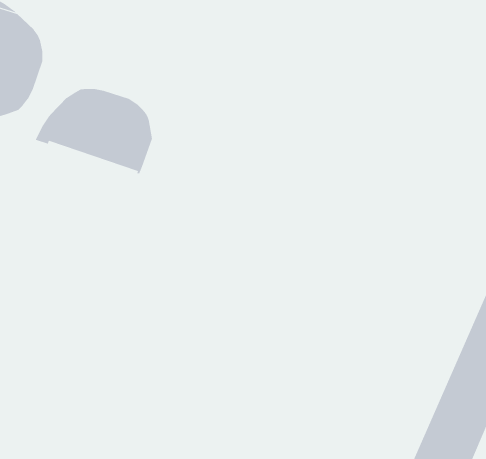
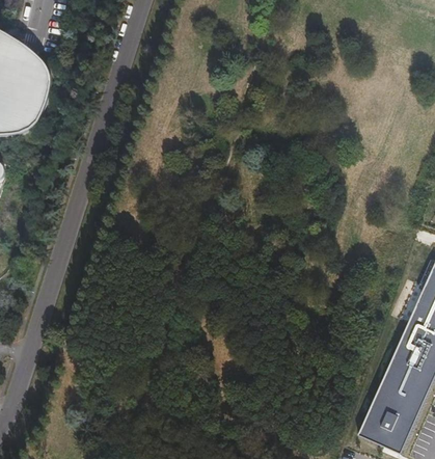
building: [35,88,152,174] -> none

